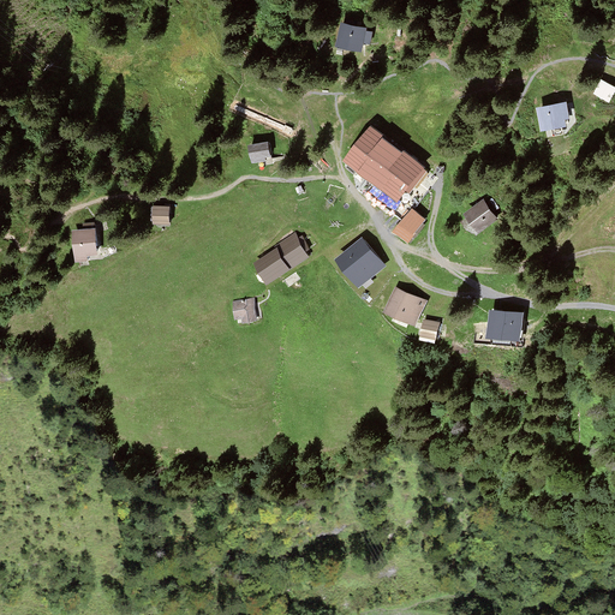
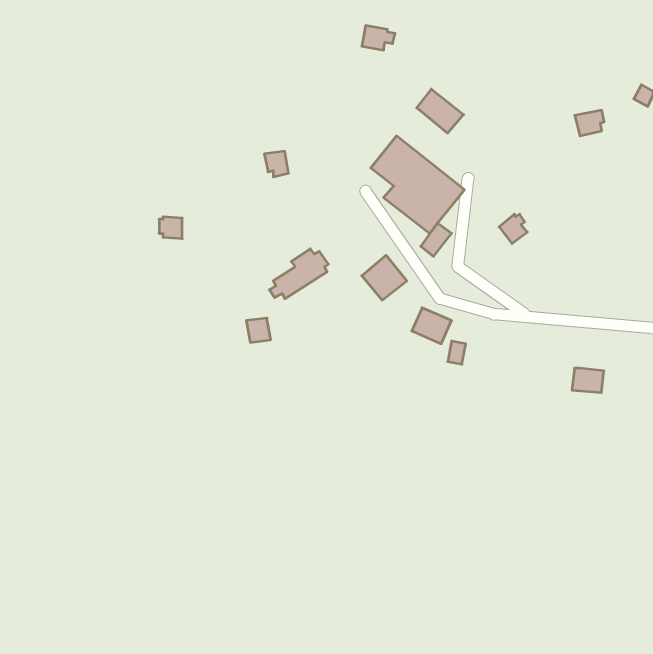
building: none -> [417,89,464,133]
building: [72,226,100,259] -> none
building: [490,311,520,334] -> [572,368,604,393]

